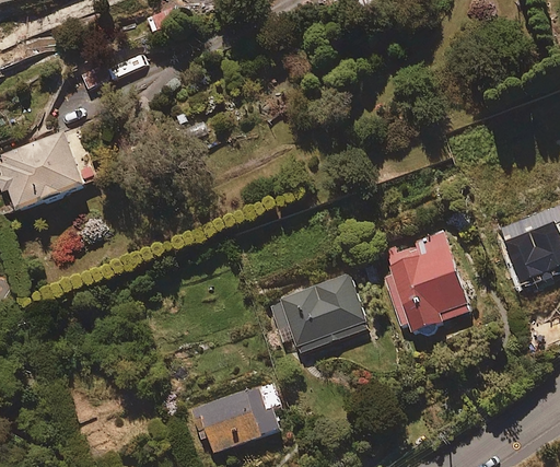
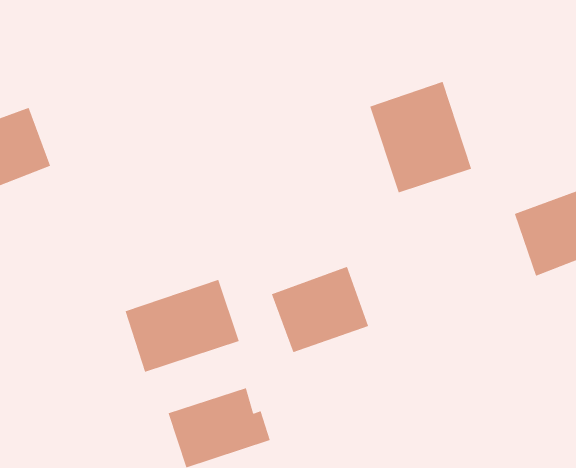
building: [377,232,470,334] -> [369,81,472,194]
building: none -> [124,279,240,373]

